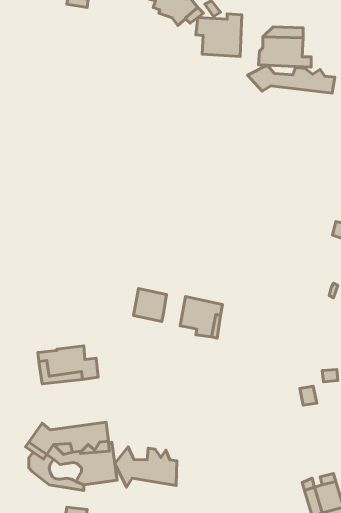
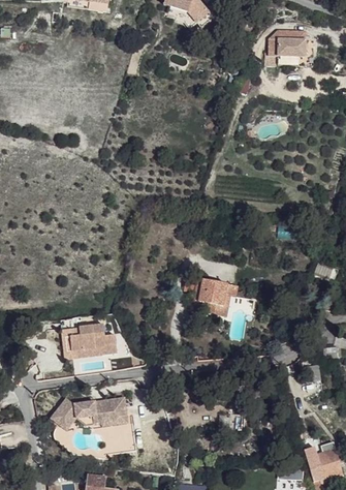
building: [196,14,242,57] -> none
building: [248,65,335,93] -> none
building: [134,289,167,321] -> none
building: [115,447,177,487] -> none

